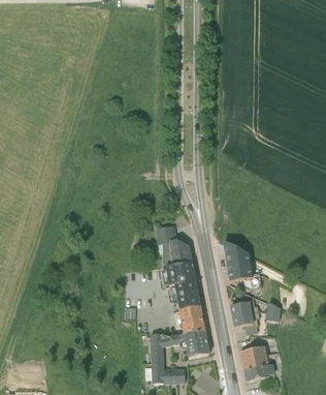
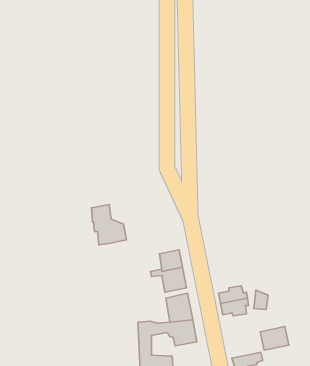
building: [156,226,191,267] -> [91,205,127,245]
building: [225,247,253,288] -> none
building: [239,346,268,370] -> [260,327,289,350]

